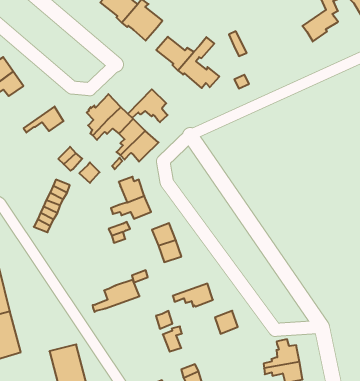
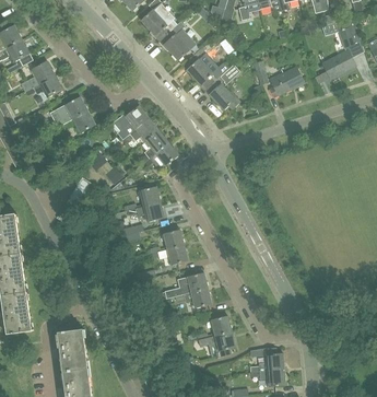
building: none -> [269,67,302,96]
building: [128,89,168,122] -> none
building: none -> [55,96,87,127]
building: [93,280,140,312] -> [164,272,208,297]
building: none -> [198,330,235,355]

